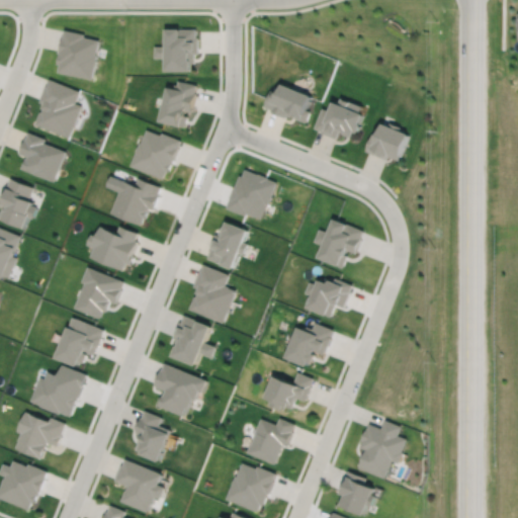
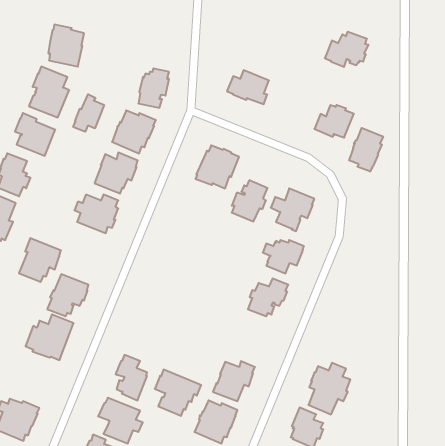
building: [153,28,196,70] -> none
building: [313,98,363,139] -> [325,32,369,67]
building: none -> [73,94,104,132]
building: none -> [349,128,383,172]
building: [207,222,249,269] -> [232,180,268,221]
building: [188,265,236,324] -> none
building: [73,268,121,319] -> [19,238,61,282]
building: [172,317,215,367] -> none
building: [153,364,206,418] -> [155,369,201,416]
building: [265,373,313,412] -> none
building: [13,413,64,460] -> none

